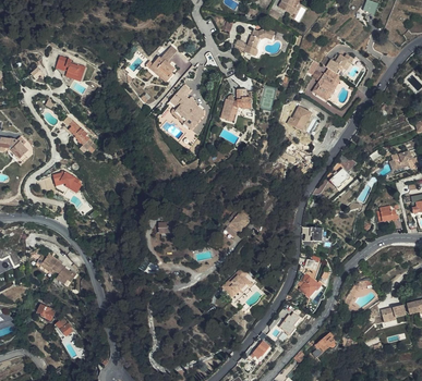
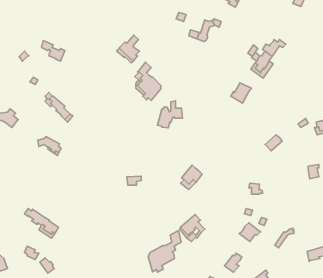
building: [222,90,253,123] -> [157,101,183,128]
building: none -> [148,230,181,272]

